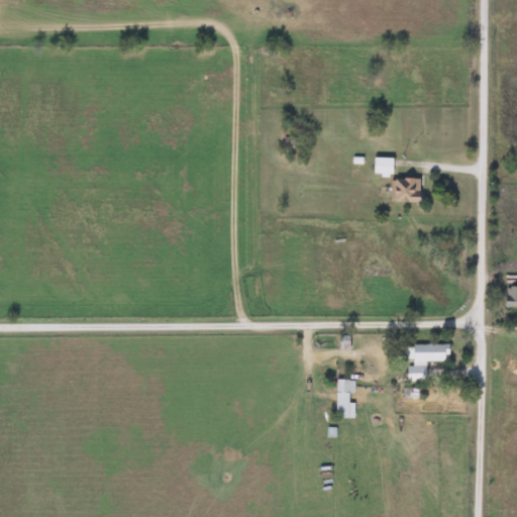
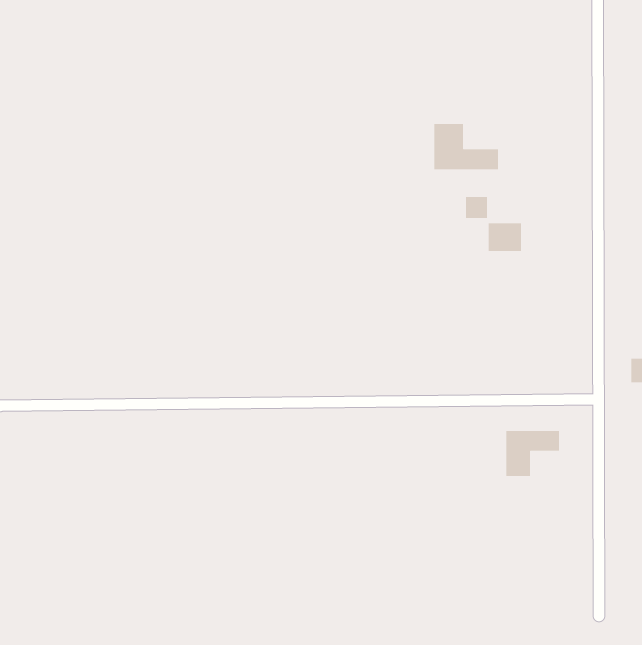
building: none -> [434,123,499,170]
building: [337,378,355,416] -> none

